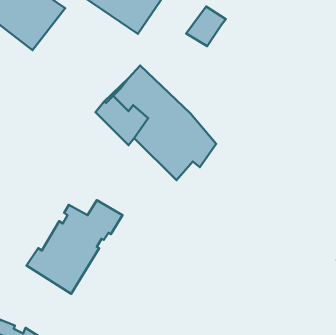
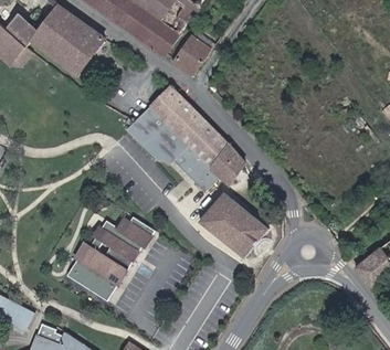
building: [186,6,226,46] -> [172,35,210,73]
building: none -> [198,190,268,256]

